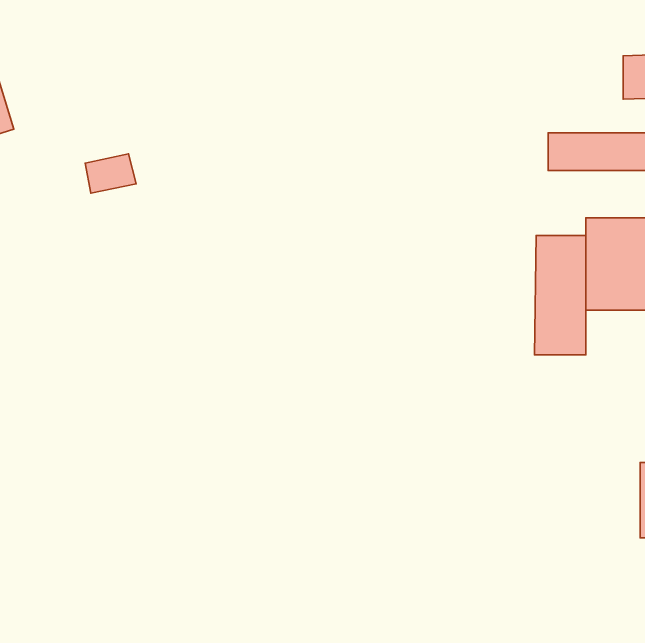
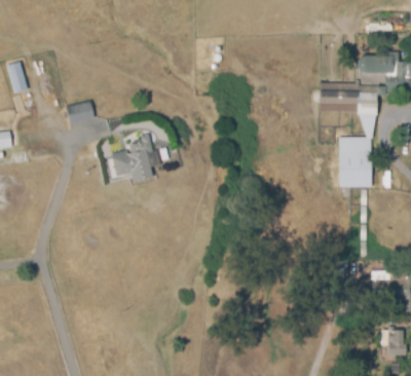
building: none -> [111,135,169,181]
building: [535,236,586,355] -> none

